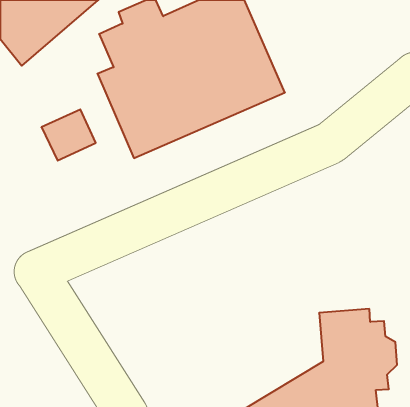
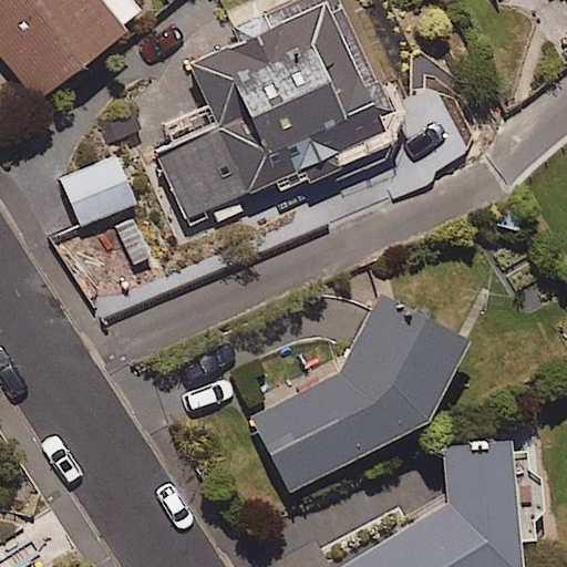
building: none -> [252,289,457,489]

